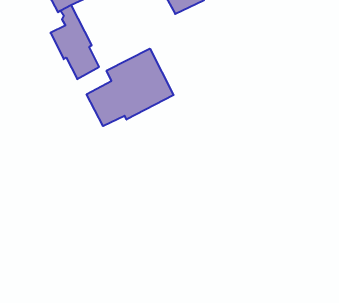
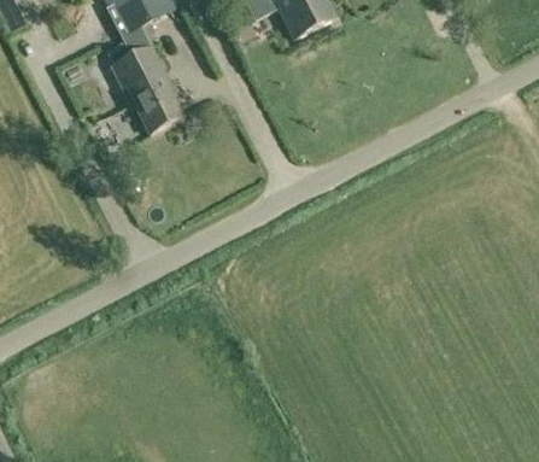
building: [87,49,174,126] -> none

